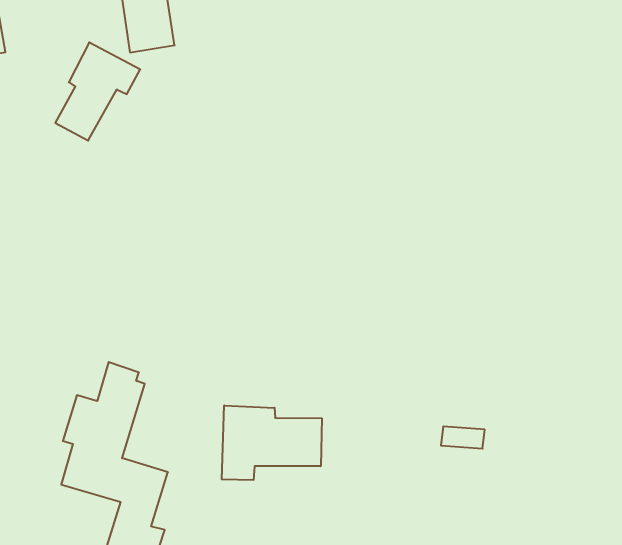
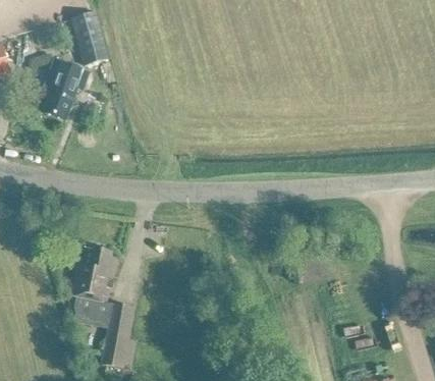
building: [222,405,322,480] -> none

